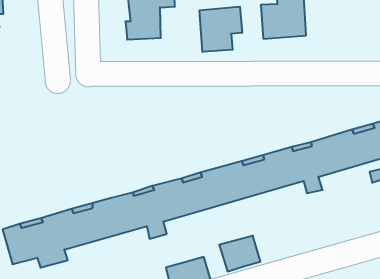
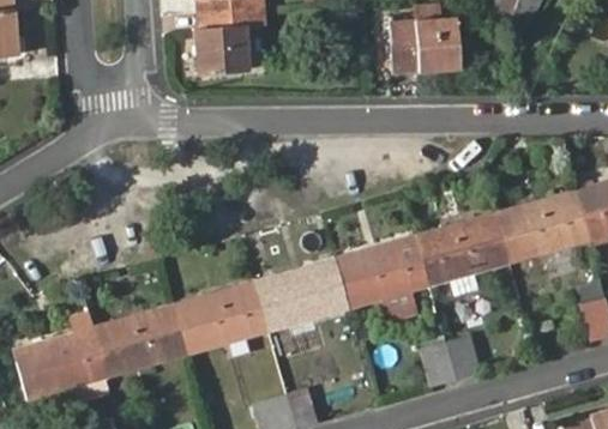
building: [200,7,242,52] -> none
building: [219,236,260,271] -> [420,337,480,388]

